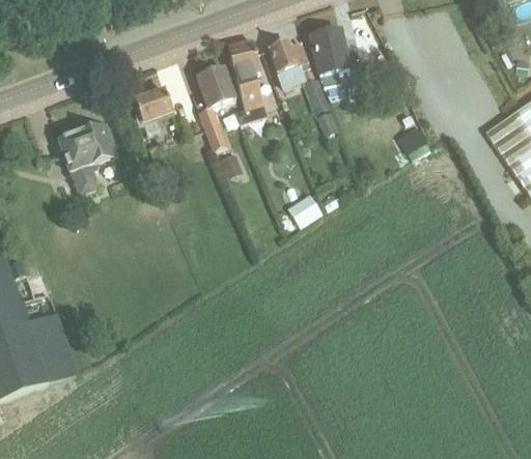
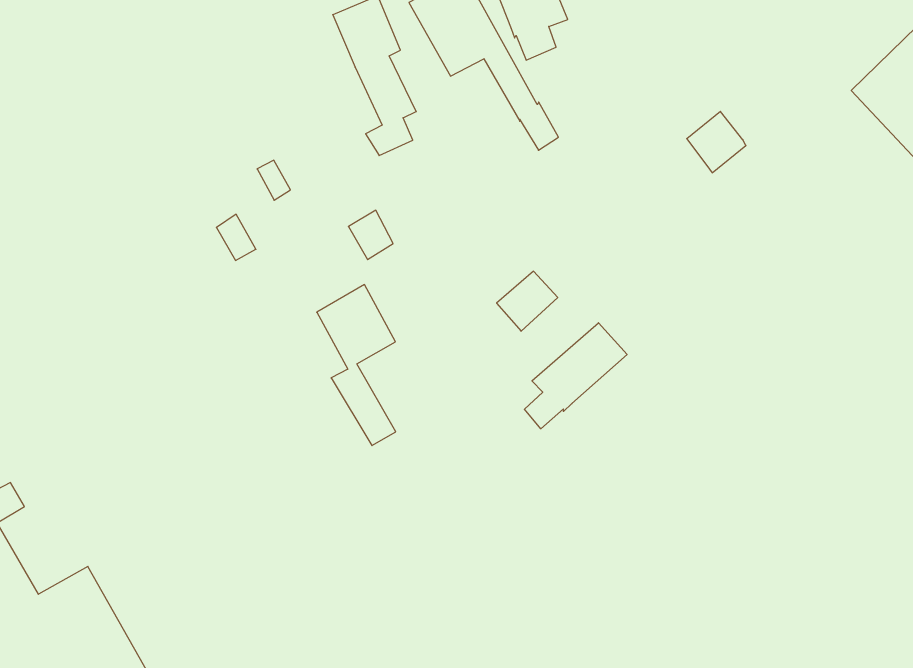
building: [195,65,233,149] -> [317,285,396,446]
building: [133,88,171,122] -> none
building: [57,120,115,191] -> none
building: none -> [524,323,627,429]

